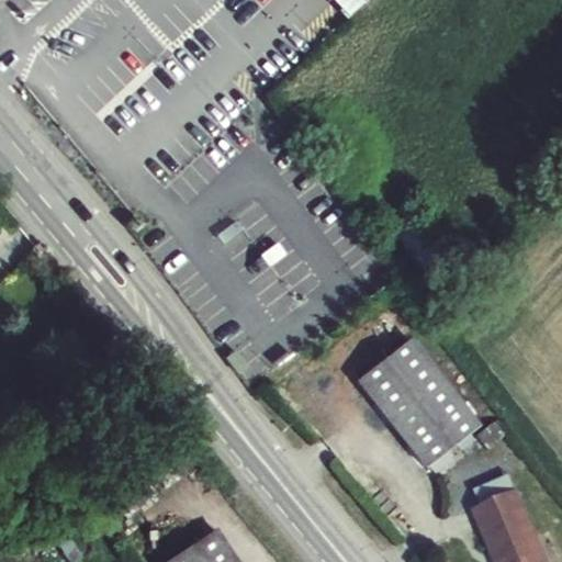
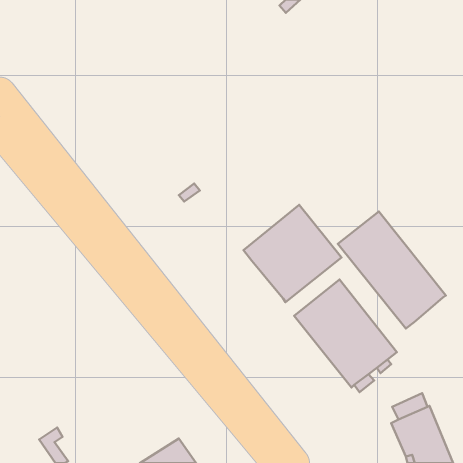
building: none -> [243,205,341,302]
building: none -> [338,211,446,329]

